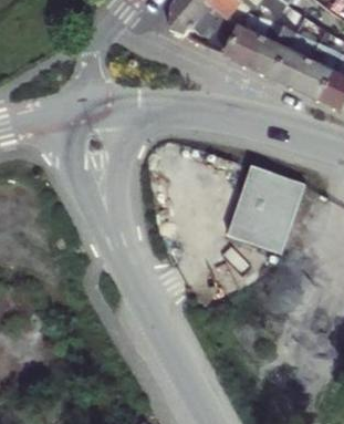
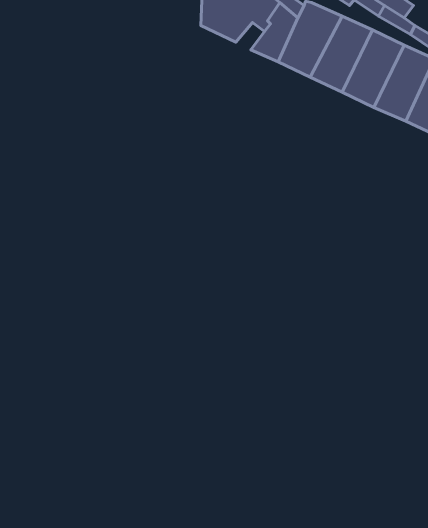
building: [226,166,305,255] -> none

